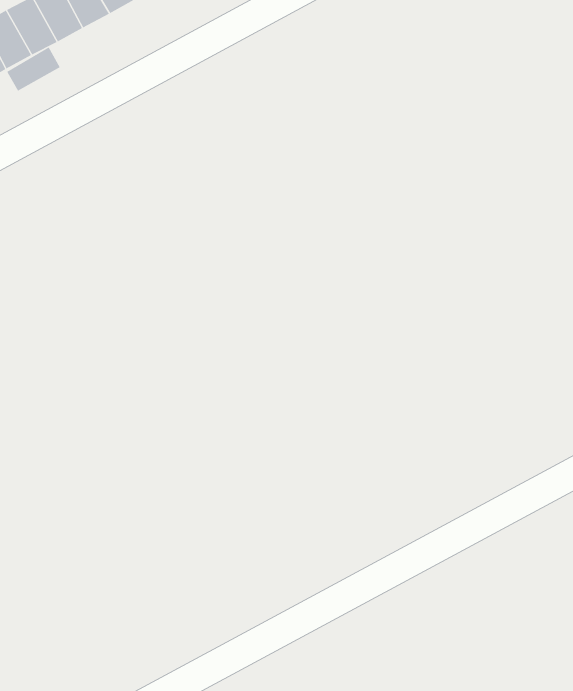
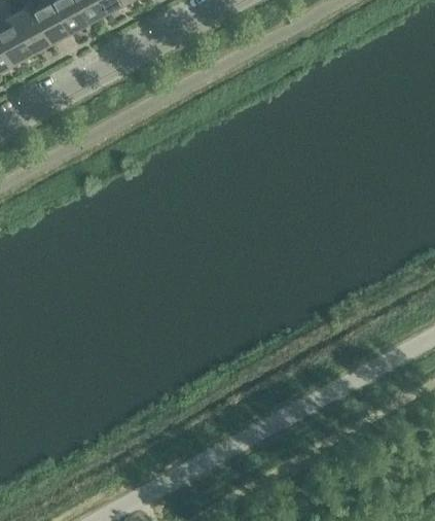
building: [7,47,61,92] -> none

